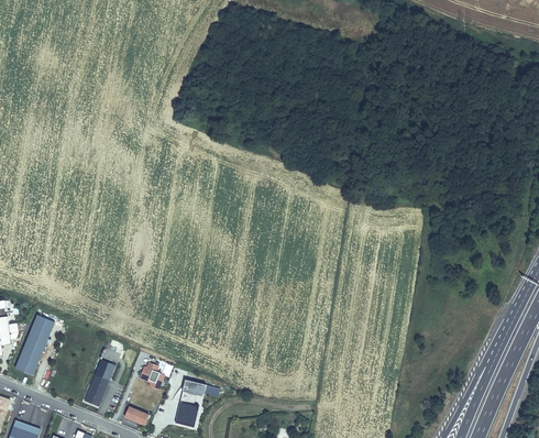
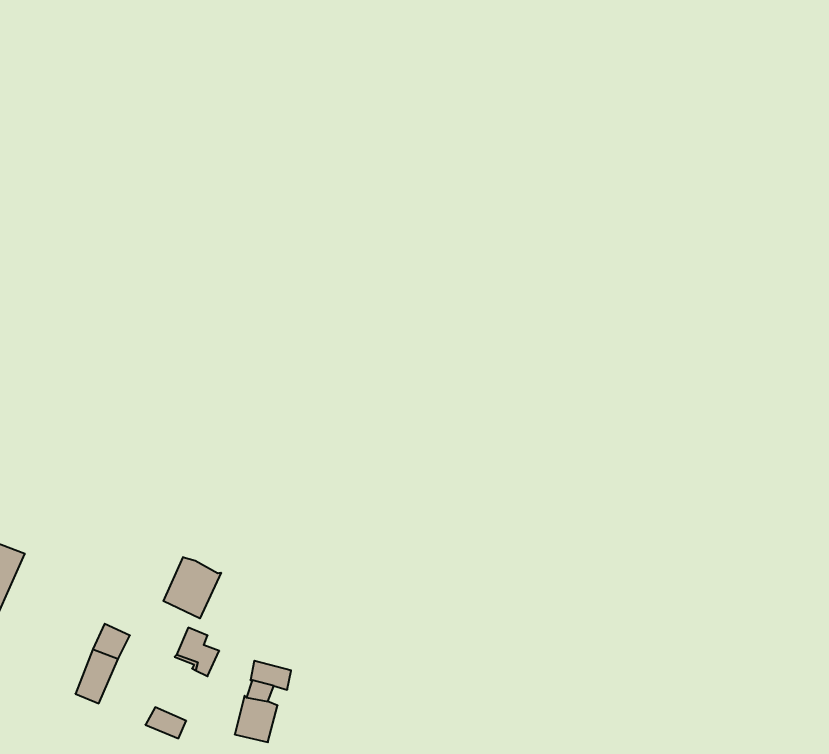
building: none -> [163,557,221,618]

